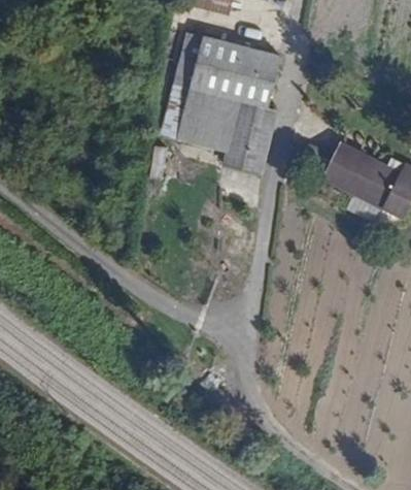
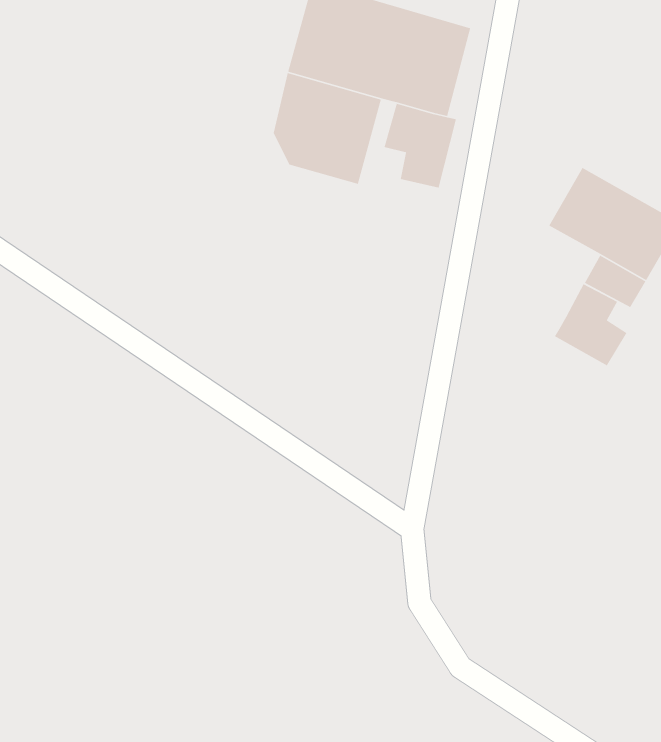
building: [220,126,262,171] -> none
building: none -> [554,283,627,367]

